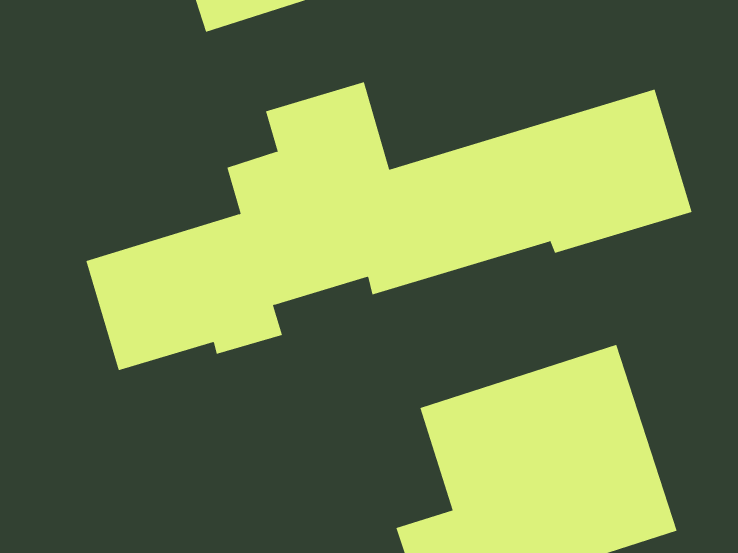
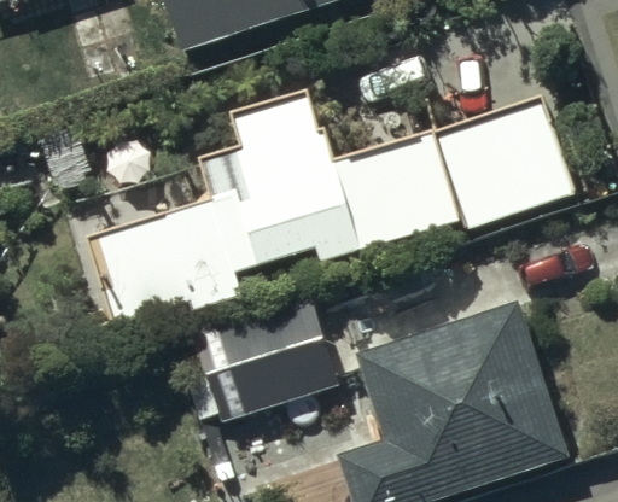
building: none -> [194,294,338,421]

